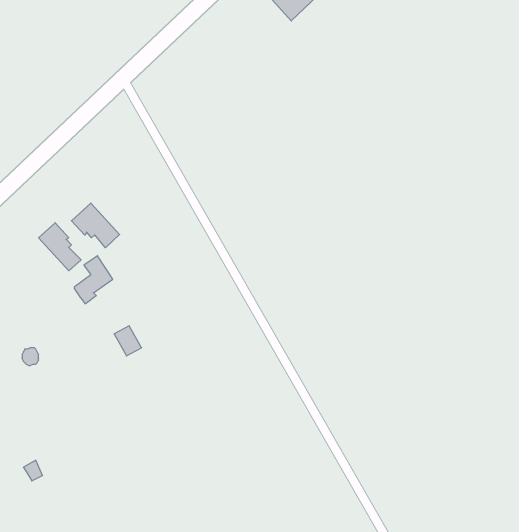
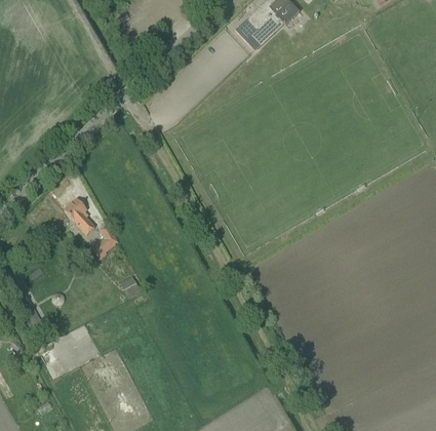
building: [71,203,120,248] -> none

